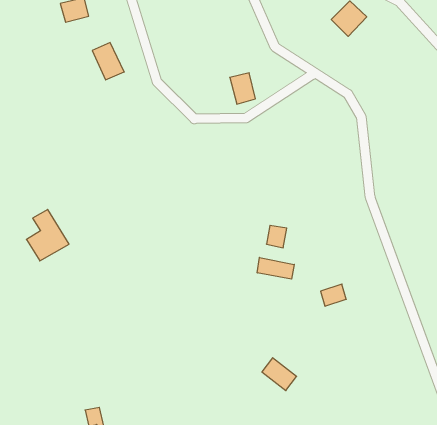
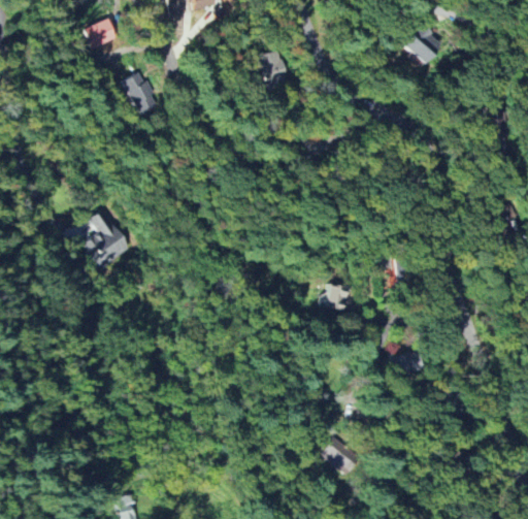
building: [230,73,255,104] -> [257,50,287,86]
building: [26,209,69,261] -> [79,208,129,268]
building: [257,257,294,279] -> none

